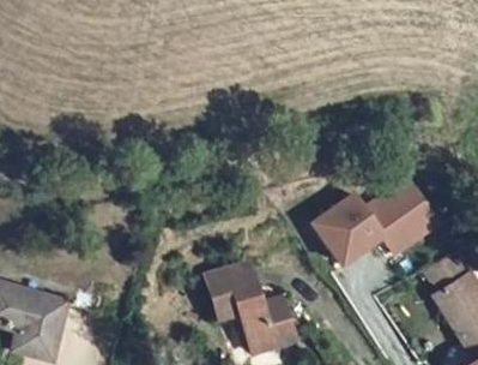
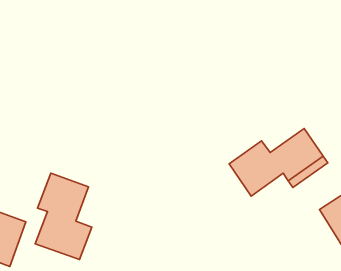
building: none -> [35,173,92,260]
building: [207,267,298,351] -> none

